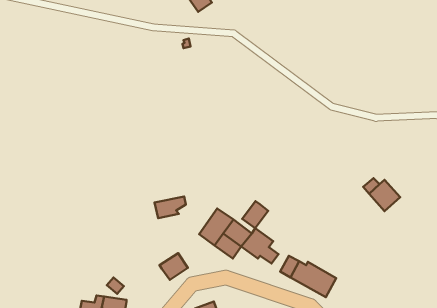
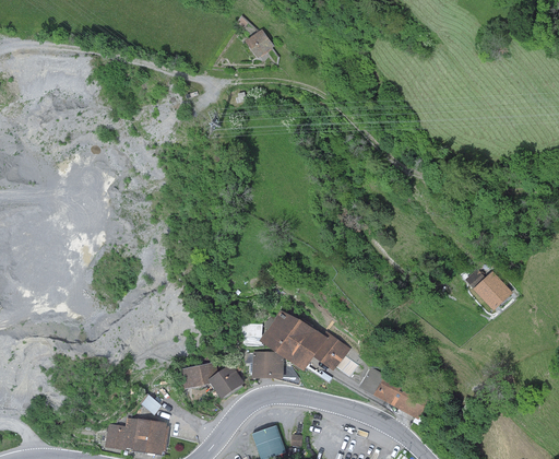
building: [155,197,186,218] -> [179,362,218,389]
building: [242,201,268,228] -> none
building: none -> [251,352,283,379]

